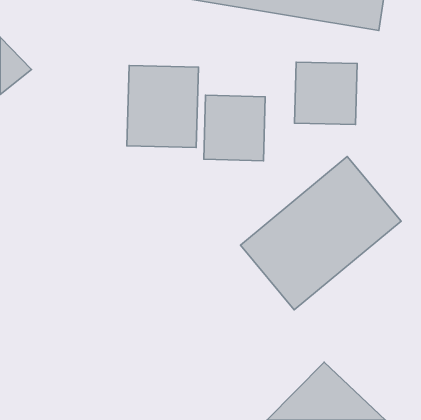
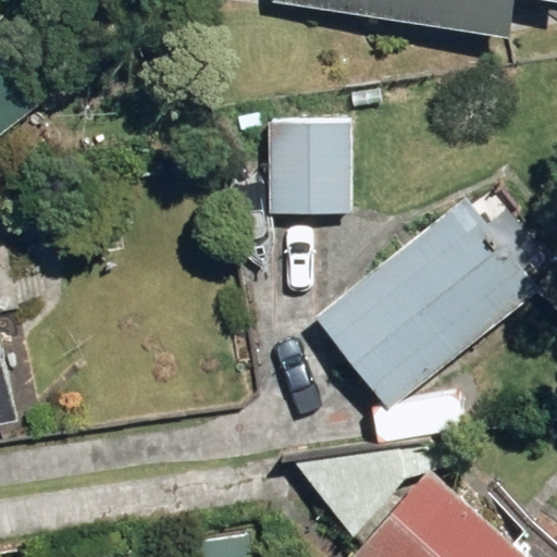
building: [295,62,357,125] -> none
building: [127,65,198,148] -> none

